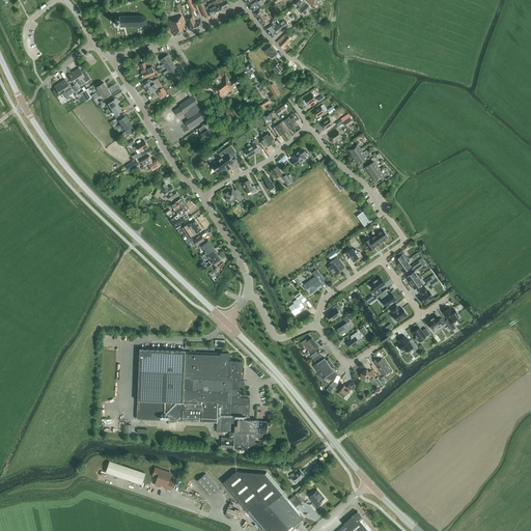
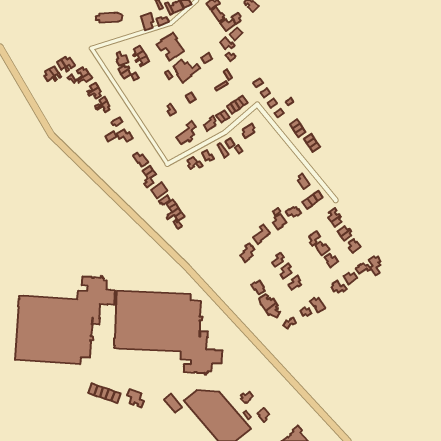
building: [173,95,206,130] -> [156,32,184,61]
building: none -> [15,276,115,364]

